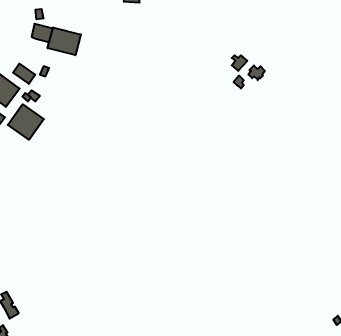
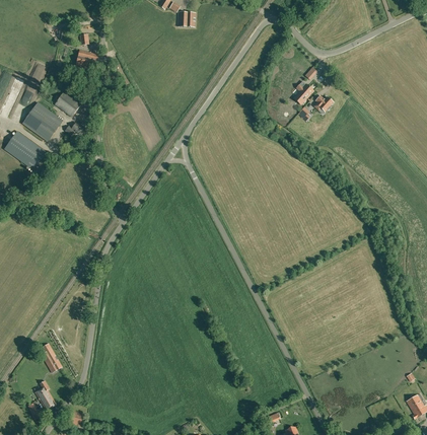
building: [48,27,81,55] -> none
building: [8,104,44,140] -> none

